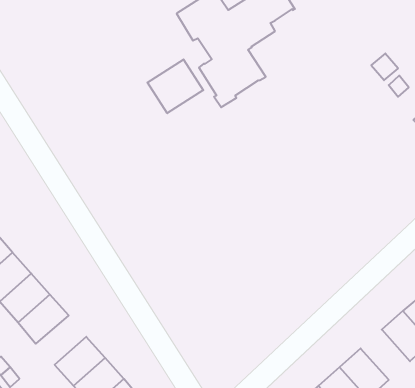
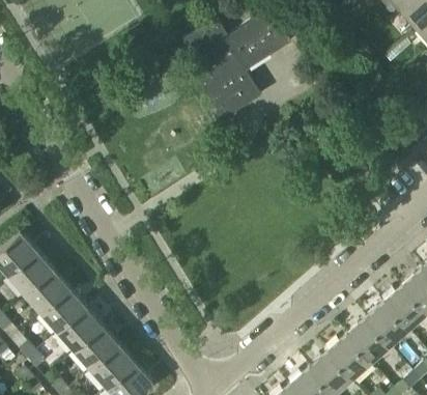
building: [147,59,203,113] -> none
building: none -> [58,308,103,351]
building: none -> [345,320,389,365]

